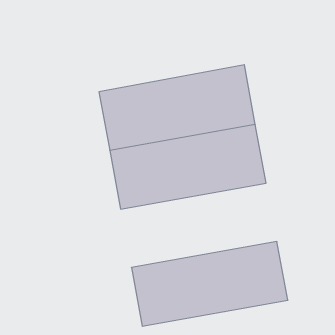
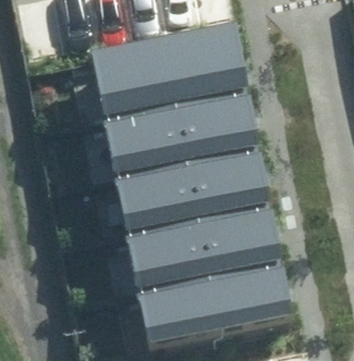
building: none -> [96,24,253,110]
building: none -> [129,201,285,286]

